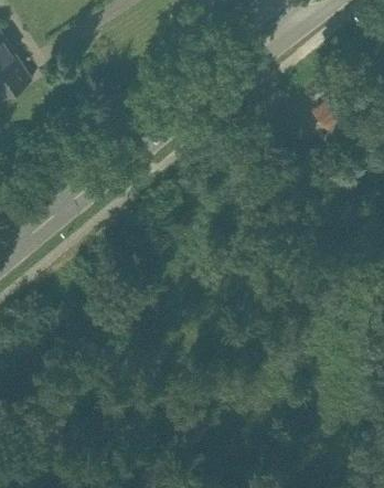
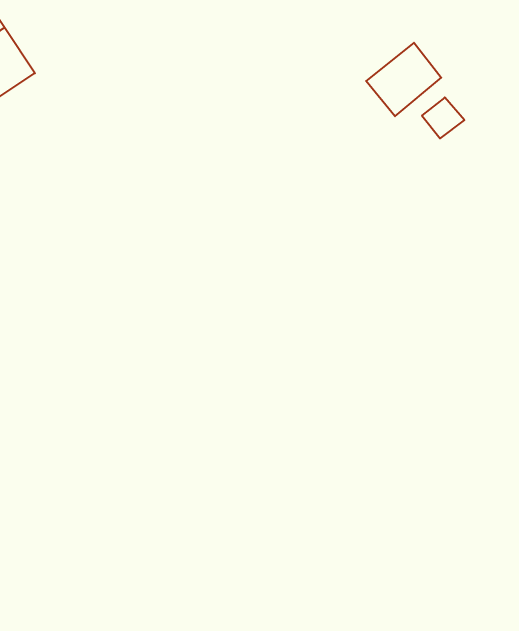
building: none -> [366,43,441,116]

